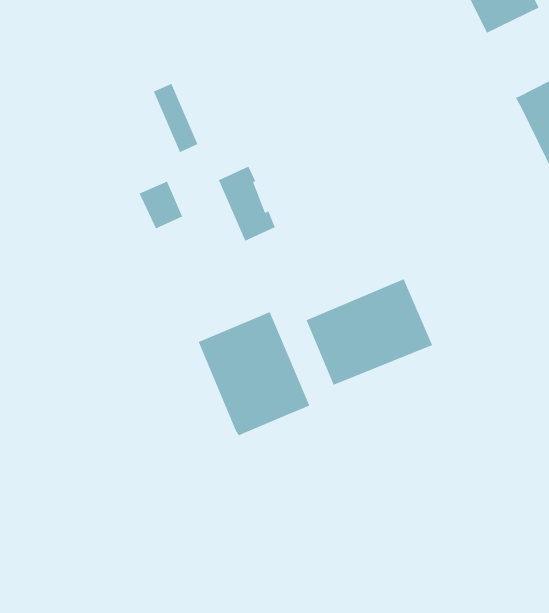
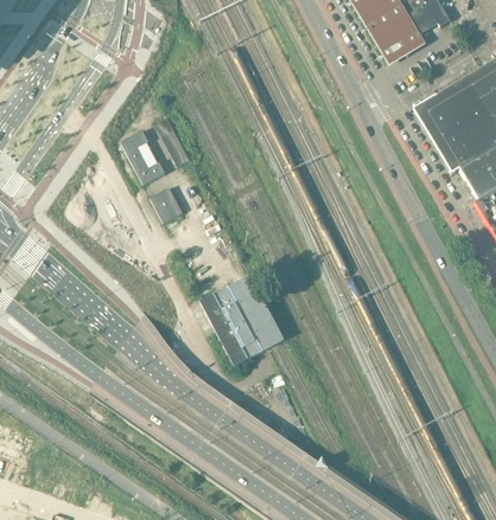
building: [218,165,276,242] -> [121,129,165,184]
building: [306,278,433,386] -> none

